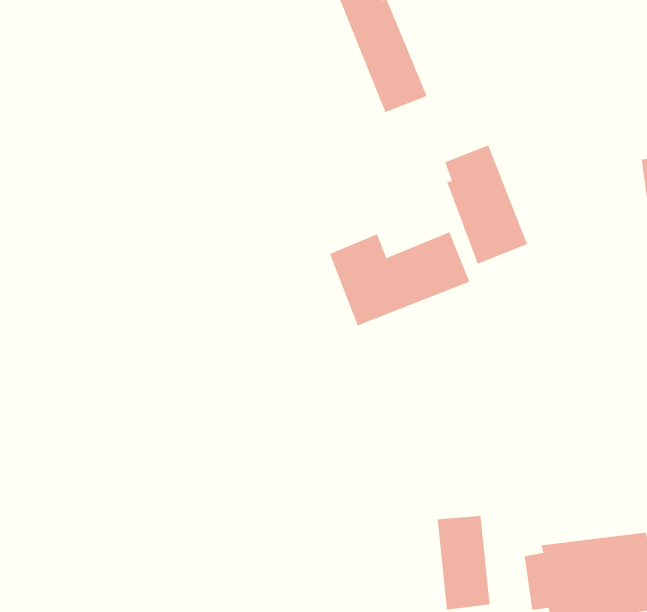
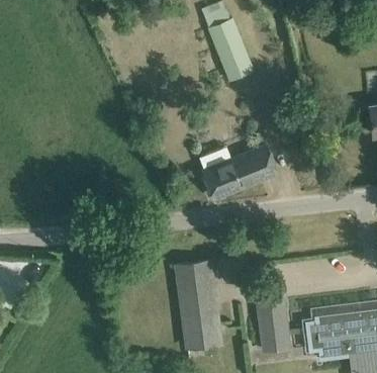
building: [444,144,528,264] -> none
building: none -> [176,262,220,349]

